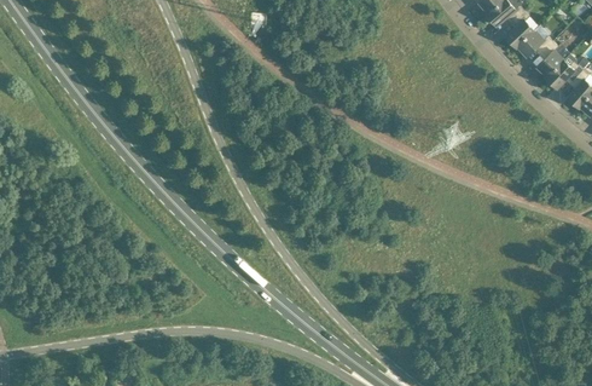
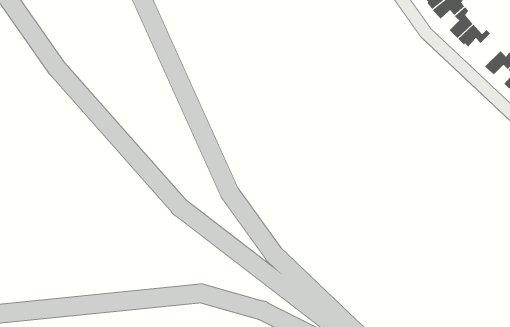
building: [538,34,564,77] -> none

